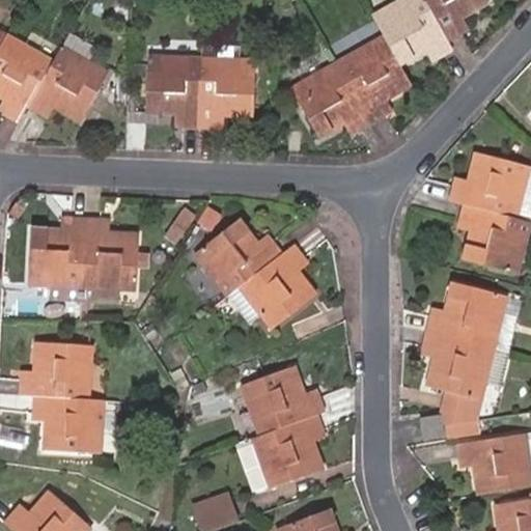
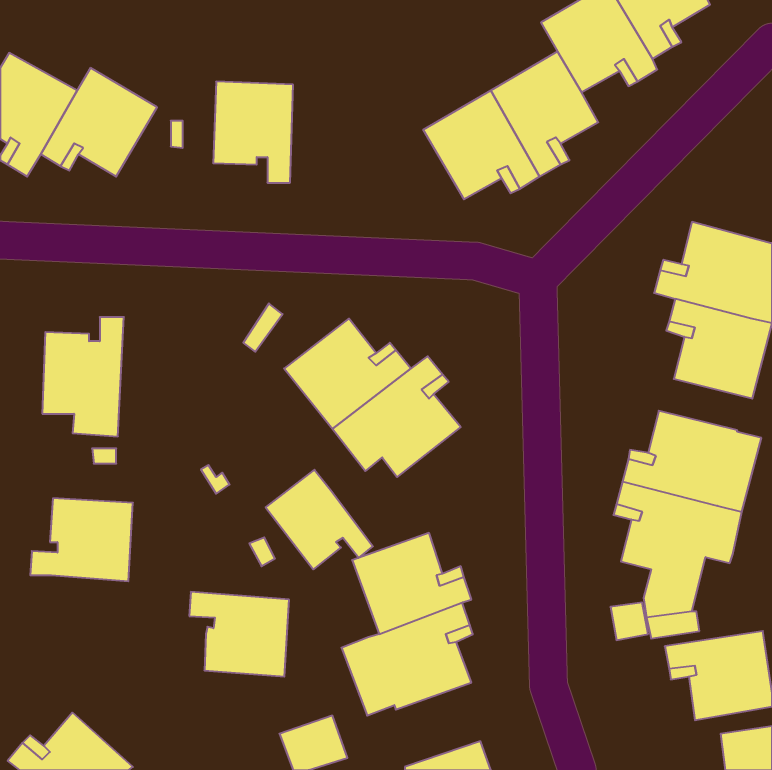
building: [199,45,255,127] -> none
building: [81,218,138,301] -> none
building: none -> [266,470,373,569]
building: [34,395,103,453] -> [189,592,289,677]

